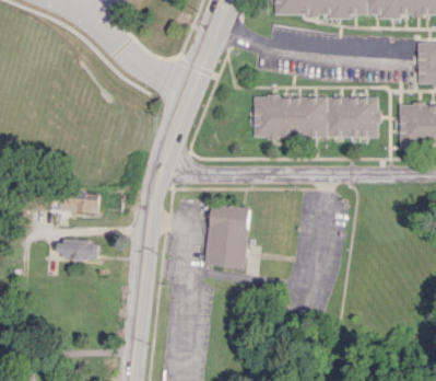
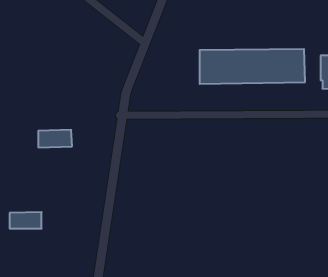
building: [208,203,256,266] -> none
building: [59,240,97,259] -> [10,212,42,229]

